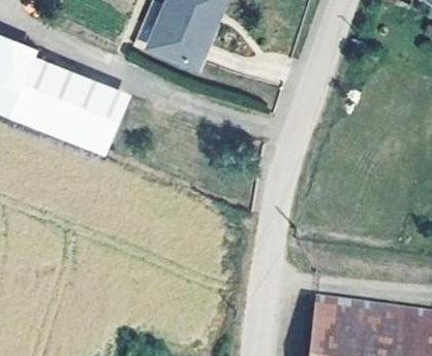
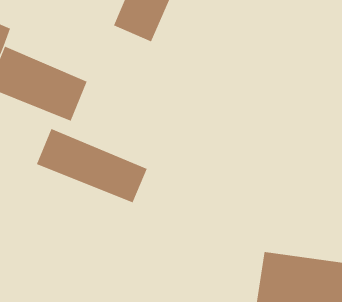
building: none -> [36,128,147,203]

